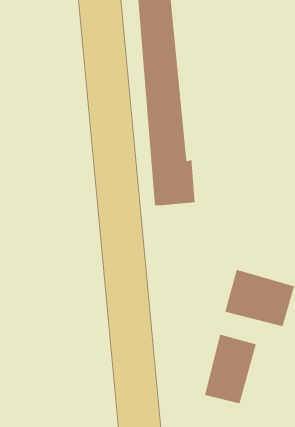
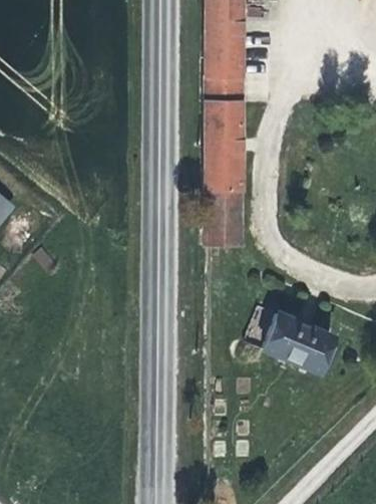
building: [205,334,257,404] -> none

